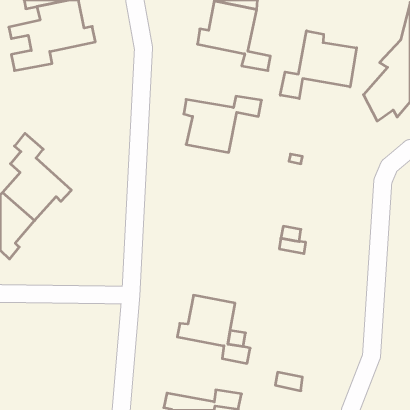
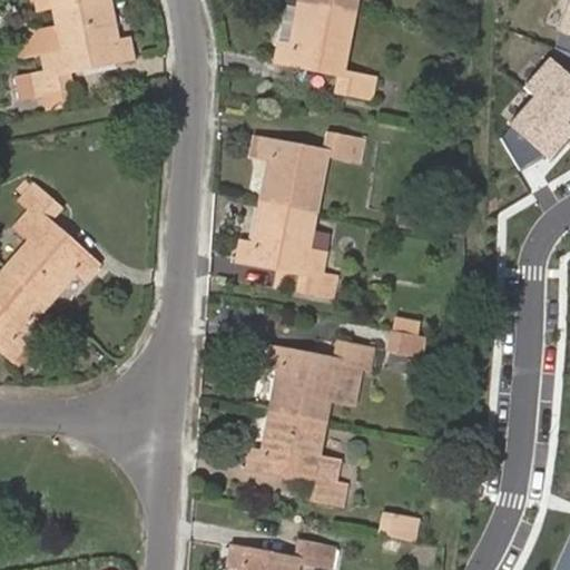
building: [280,31,357,99] -> none
building: none -> [235,200,336,296]
building: none -> [266,343,373,421]

